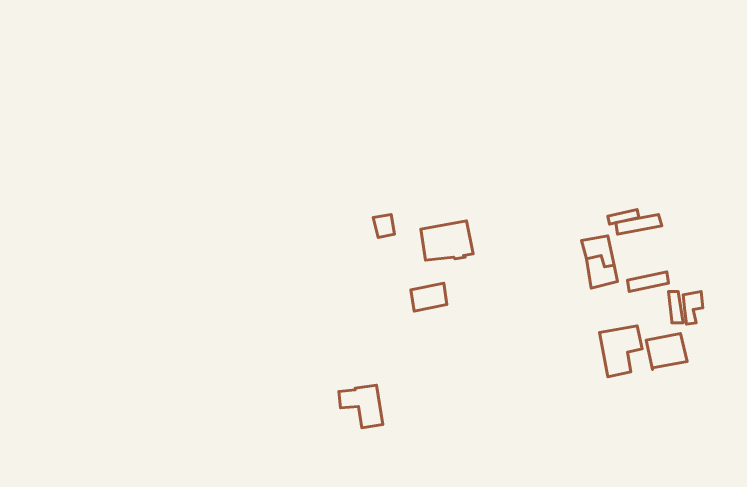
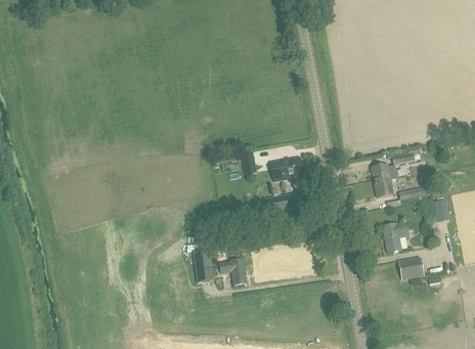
building: [646,333,687,370] -> [398,257,424,279]
building: none -> [192,249,214,281]

